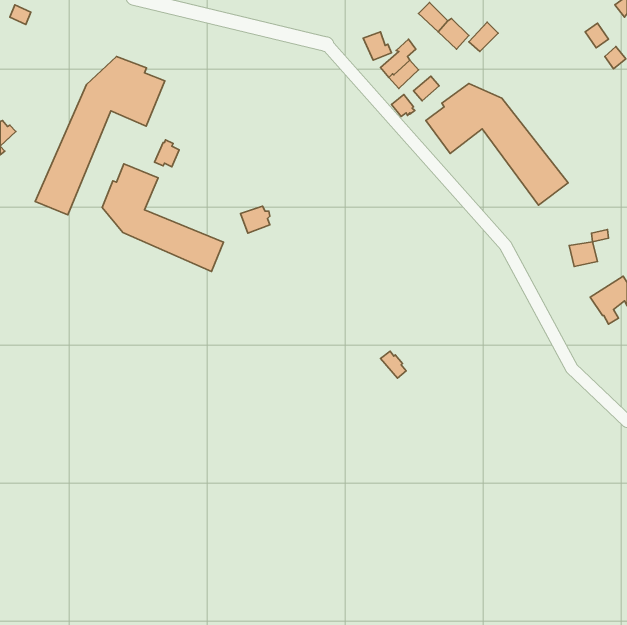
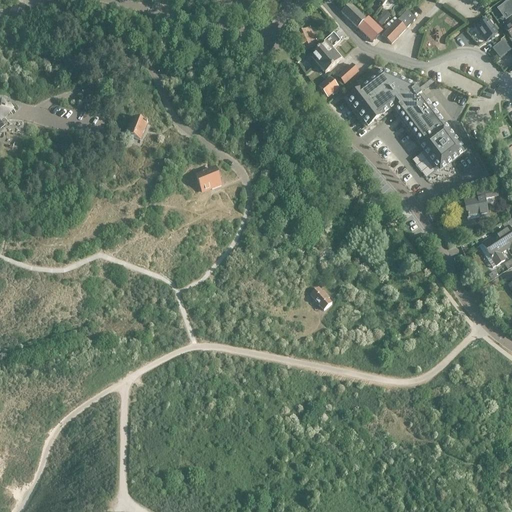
building: [35,56,165,215] -> none
building: [102,164,224,271] -> none

